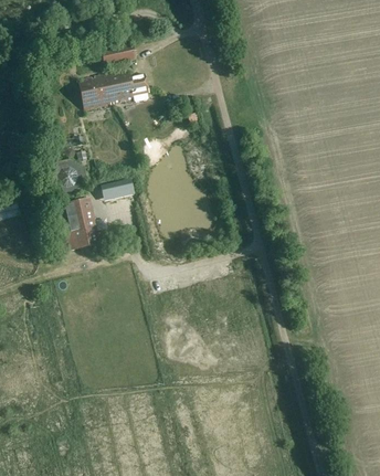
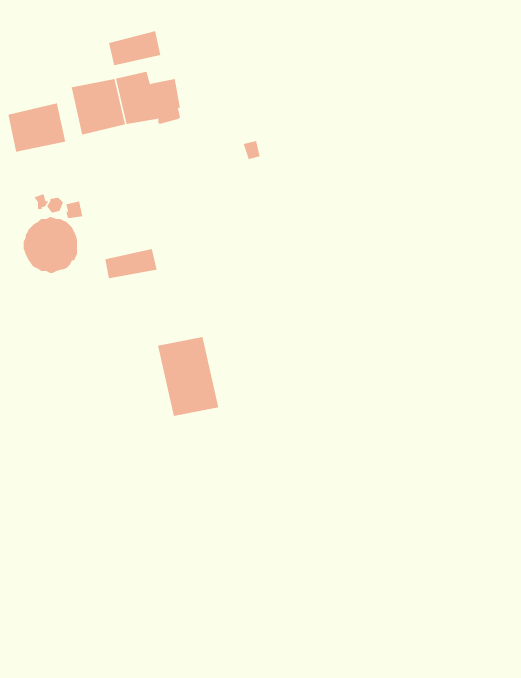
building: none -> [8,102,66,153]
building: [60,199,98,248] -> [157,337,219,416]

